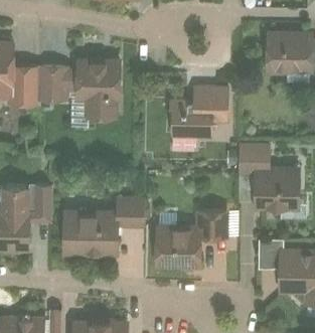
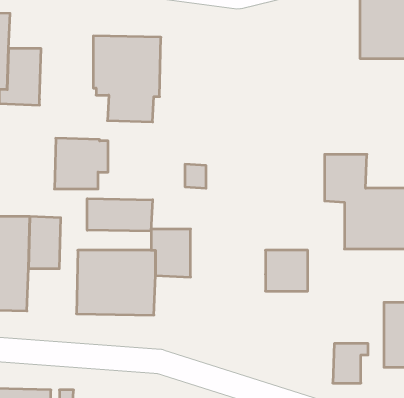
building: [35,66,73,103] -> [54,138,108,189]
building: [169,86,229,140] -> none
building: none -> [87,199,153,231]
building: [152,226,196,270] -> none
building: [261,239,286,268] -> [333,344,368,383]

